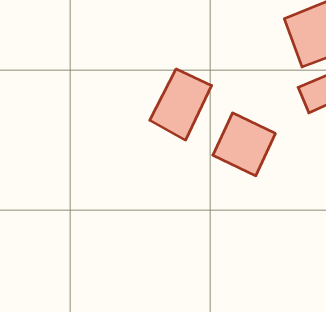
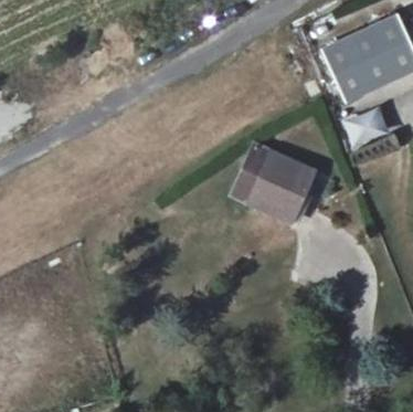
building: [150,69,212,140] -> none

